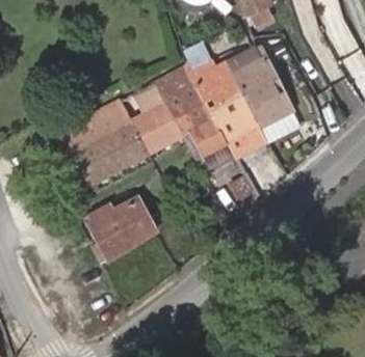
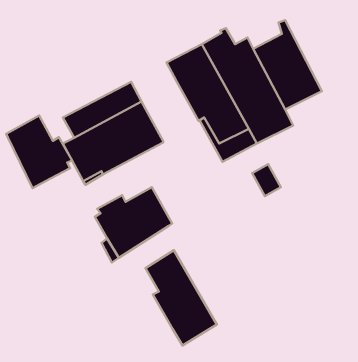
building: [130,101,183,155] -> none
building: none -> [6,116,72,188]
building: none -> [146,250,217,346]

